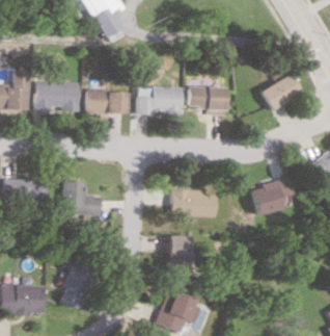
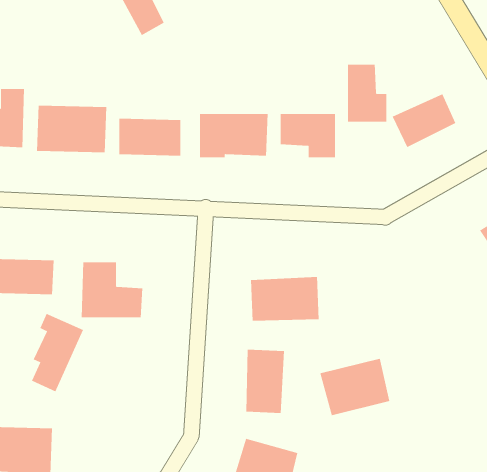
building: none -> [347,64,387,122]
building: [250,178,295,214] -> [319,358,390,416]
building: [64,258,98,308] -> [31,313,84,392]

